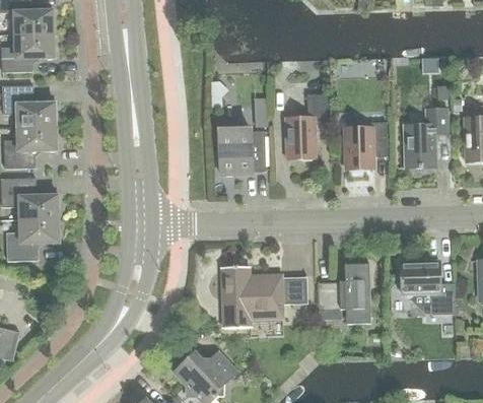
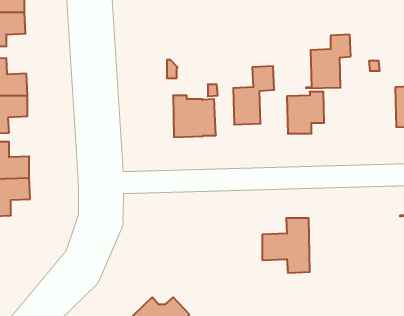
building: [398,108,447,167] -> [306,35,351,88]
building: [397,261,455,314] -> none
building: [222,266,307,327] -> none

